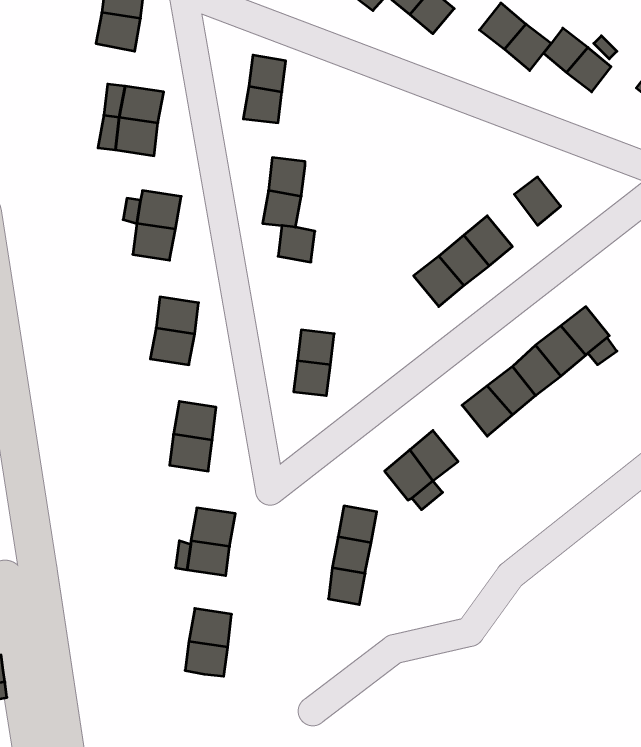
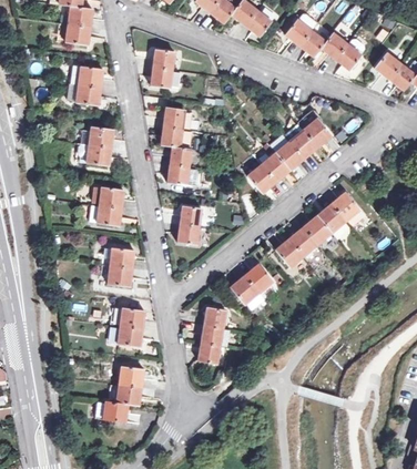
building: none -> [289,129,318,159]
building: none -> [167,164,199,185]
building: none -> [95,400,128,422]

